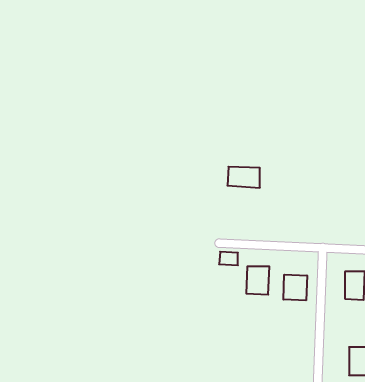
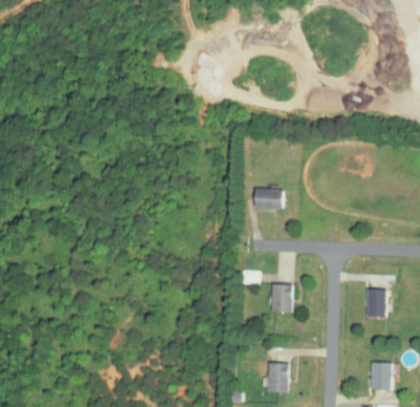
building: [283,275,307,300] -> none
building: none -> [267,362,288,392]

